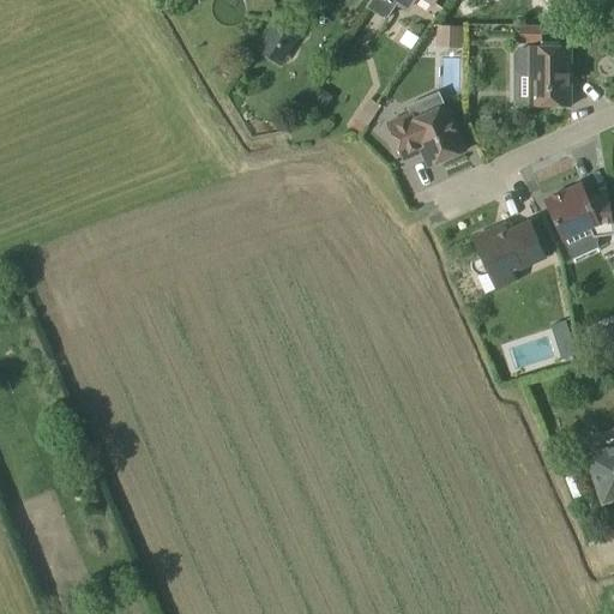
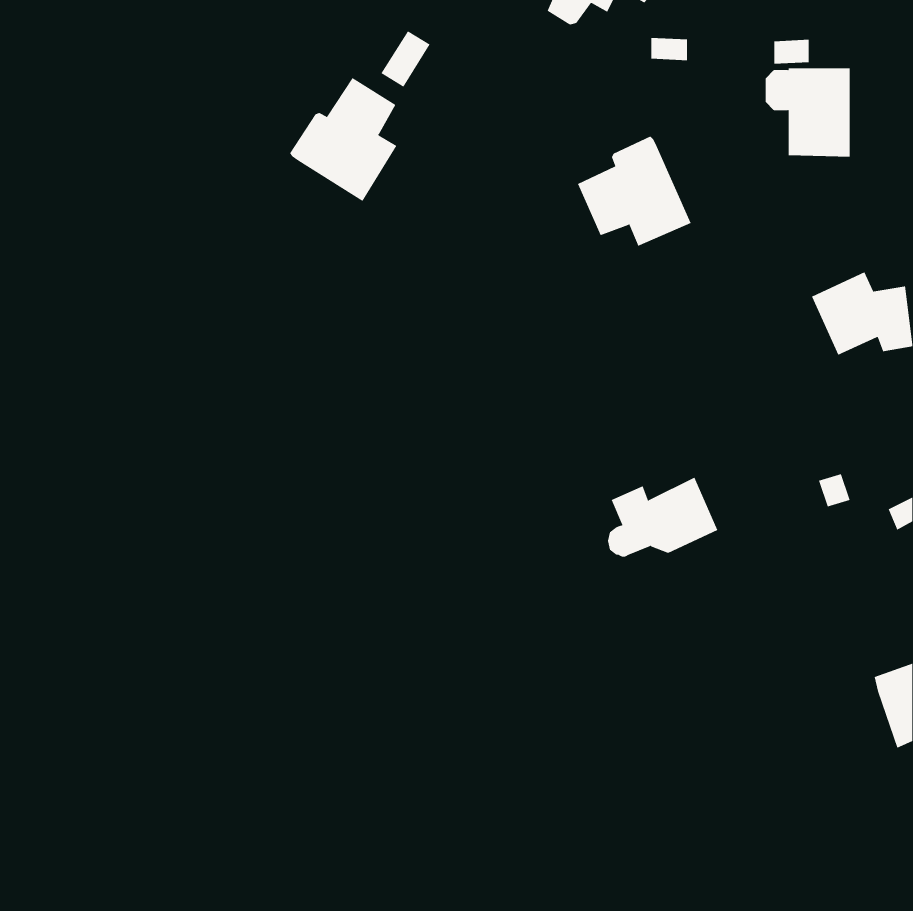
building: none -> [289,77,397,202]
building: [470,221,544,275] -> [607,477,718,557]

